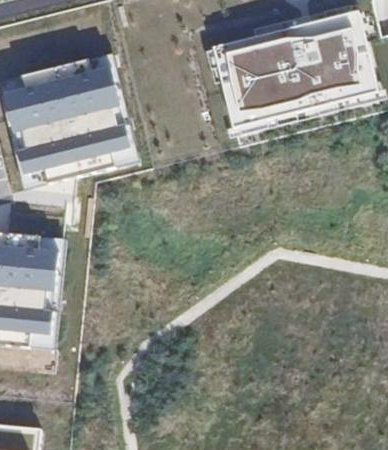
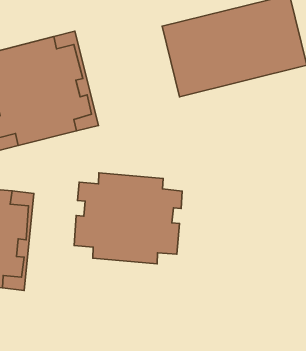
building: none -> [74,173,182,264]

